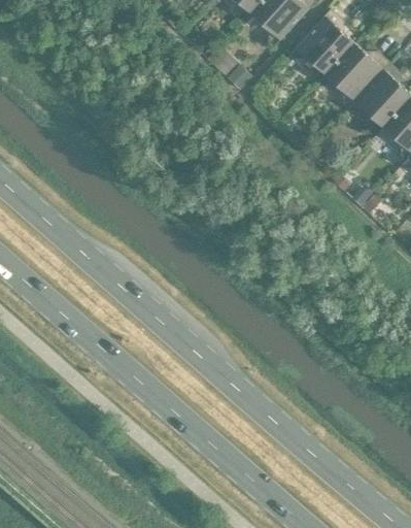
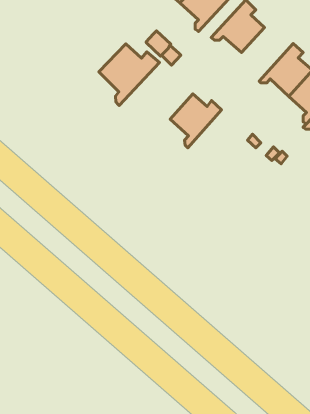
building: [326,43,388,109] -> [170,94,222,148]
building: none -> [99,44,160,106]

